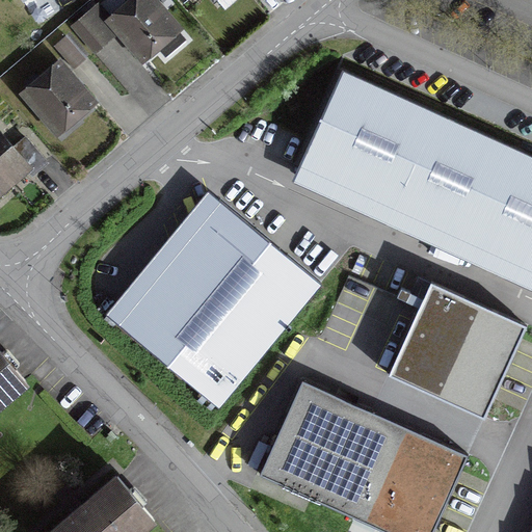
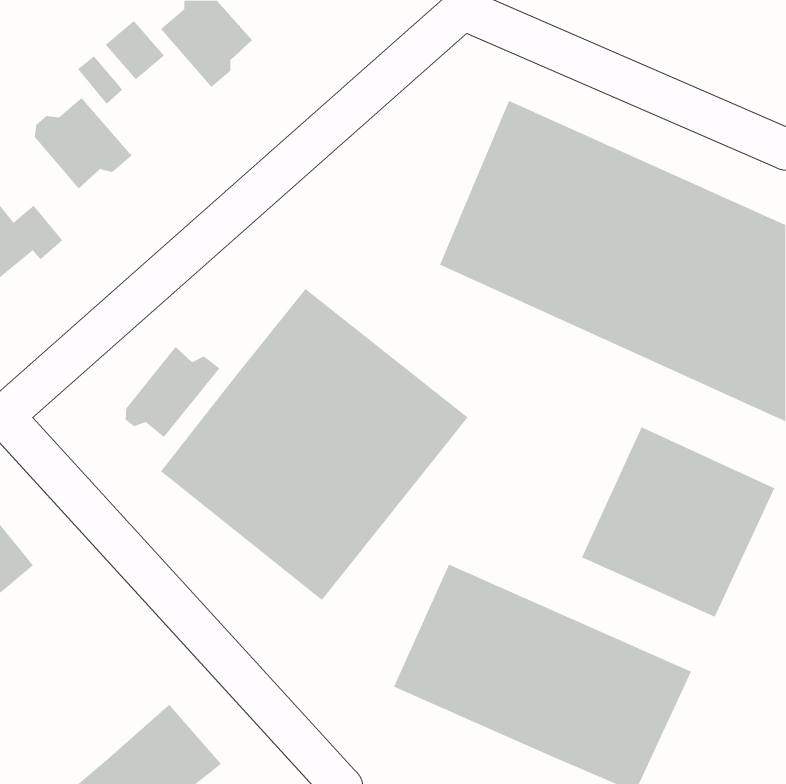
building: none -> [125,346,220,438]

